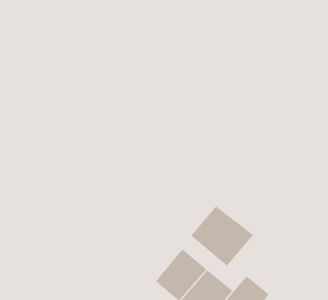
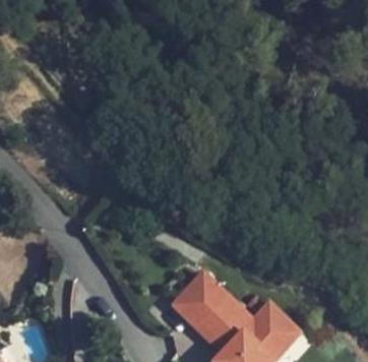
building: [190,205,254,267] -> none

